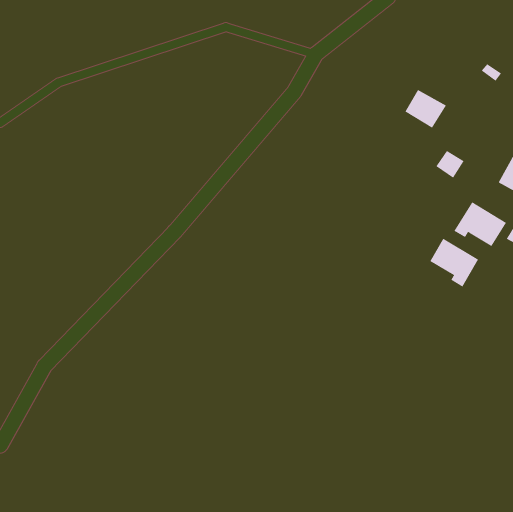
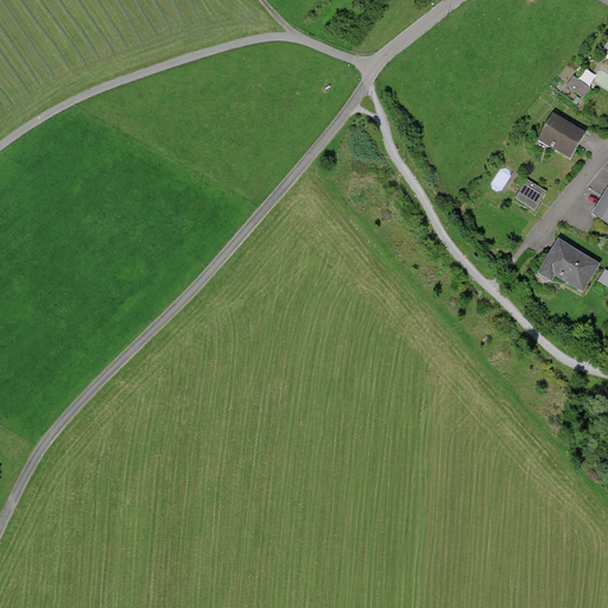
building: [404,89,447,129] -> [536,112,585,158]
building: [430,238,479,288] -> none

